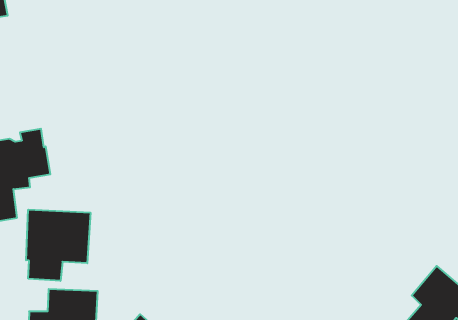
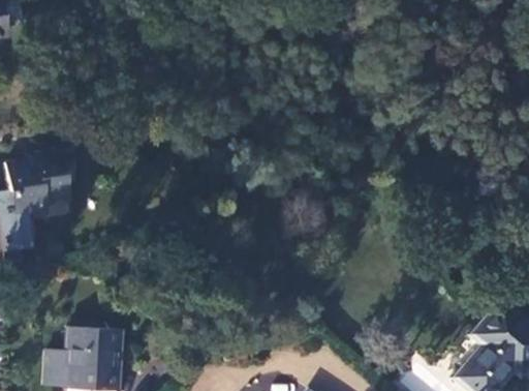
building: [26,210,90,281] -> none

